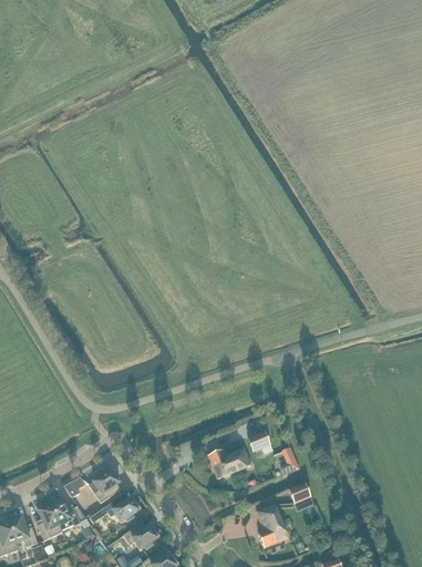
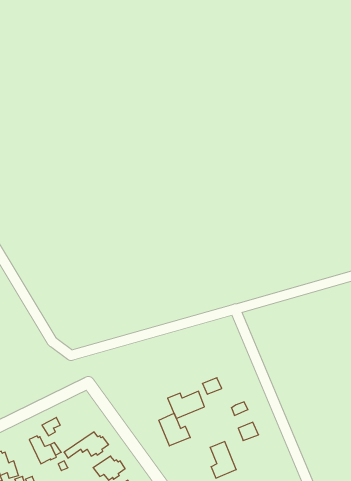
building: [88,470,120,504] -> none
building: none -> [159,413,190,446]
building: [37,504,62,542] -> none

